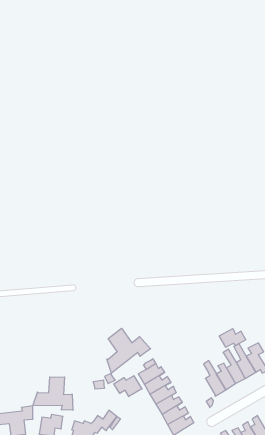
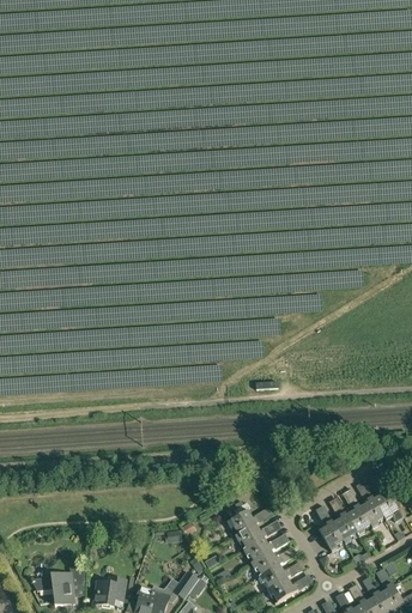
building: [107,328,151,373] -> none
building: [219,329,246,347] -> none
building: [114,376,142,397] -> none
building: [33,377,73,410] -> none

